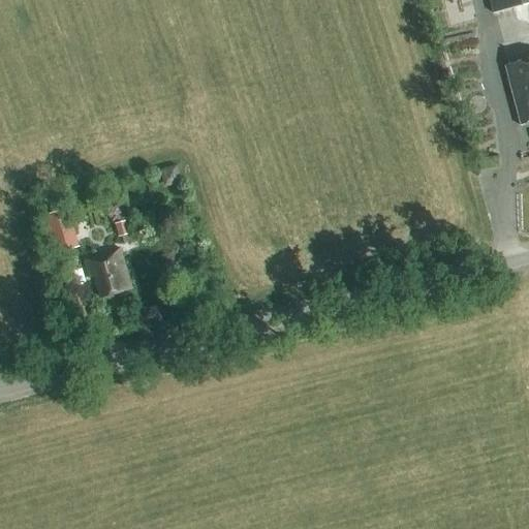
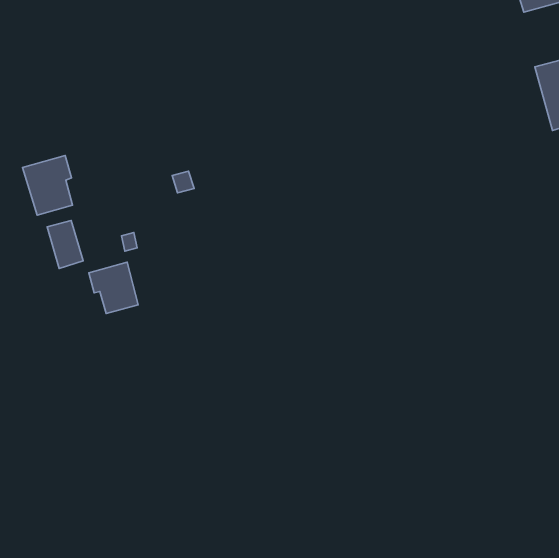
building: none -> [22,156,72,215]

